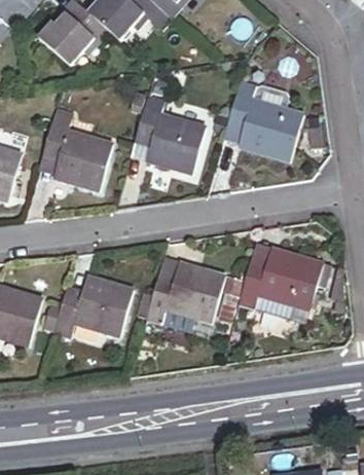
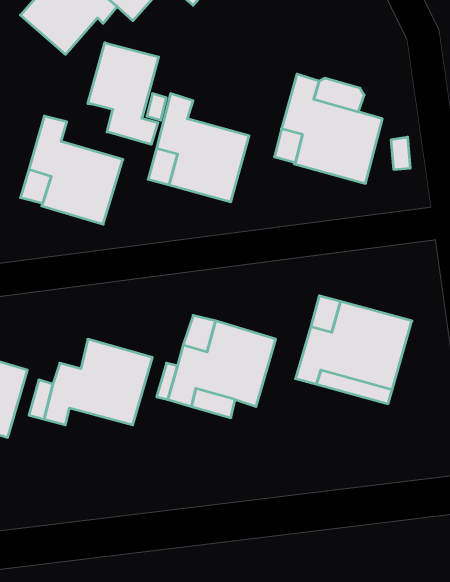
building: none -> [88,43,159,144]

